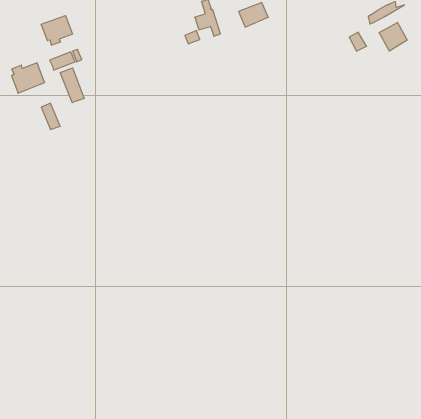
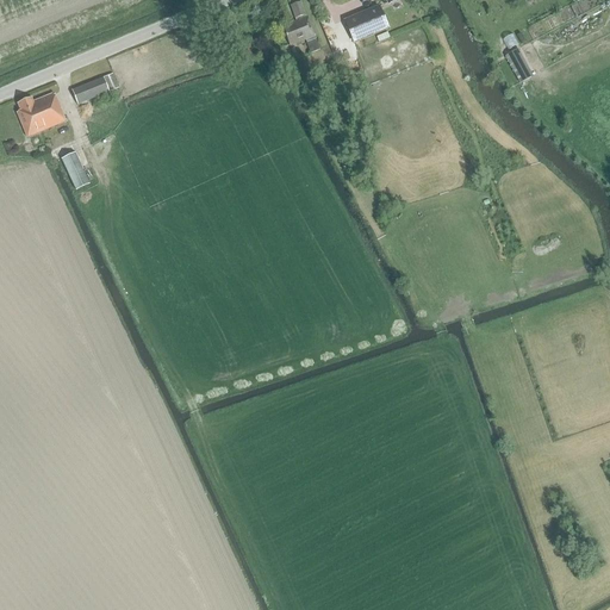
building: [41,16,73,45] -> none
building: [379,22,407,51] -> none
building: [60,68,84,103] -> none

